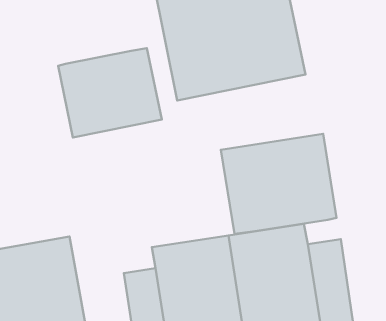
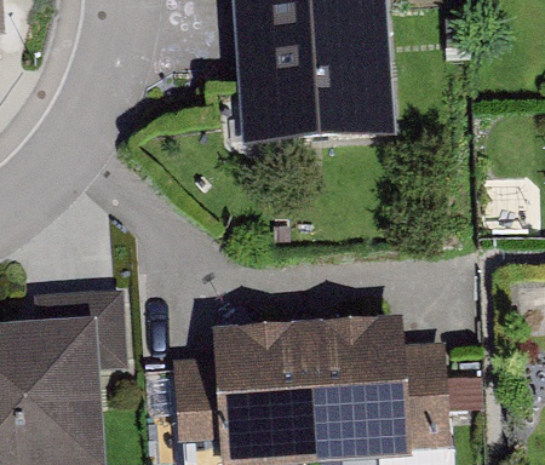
building: [58,48,162,138] -> none
building: [221,134,336,234] -> none

